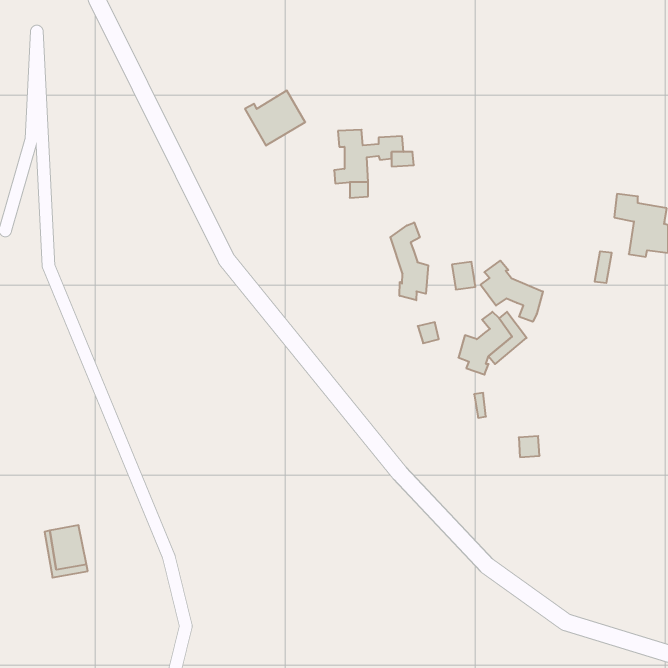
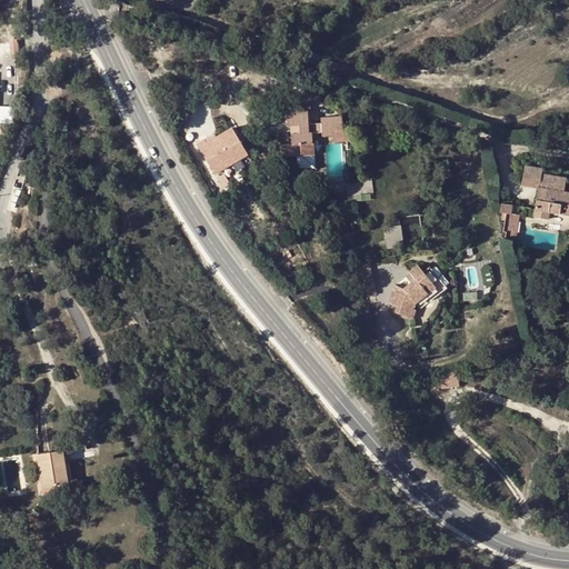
building: [245,91,305,146] -> [194,129,246,176]
building: [390,222,428,300] -> none
building: [481,261,543,322] -> none

